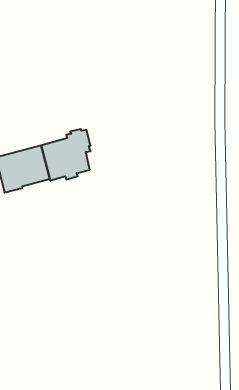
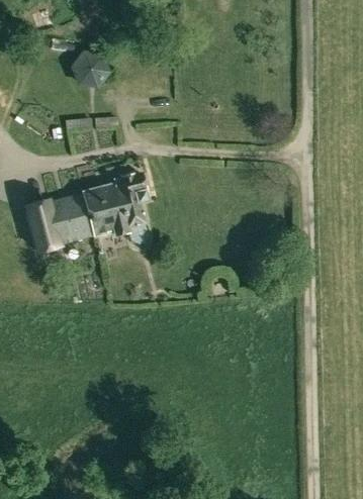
building: none -> [72,52,106,86]

